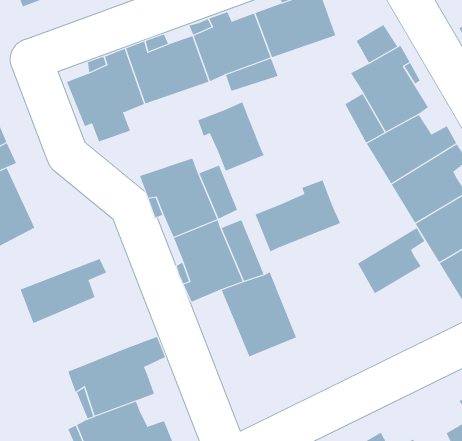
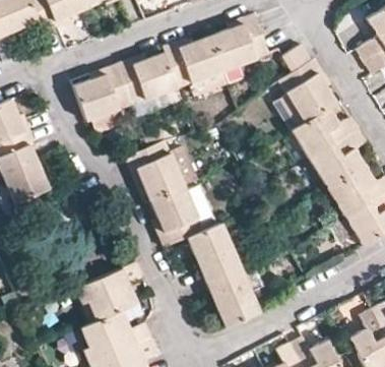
building: [197,101,265,171] -> none
building: [255,179,341,252] -> none
building: [357,227,425,294] -> none
building: [20,258,107,324] -> none
building: none -> [206,270,258,327]

